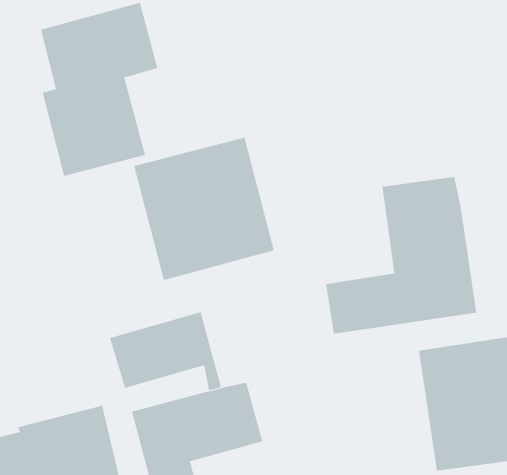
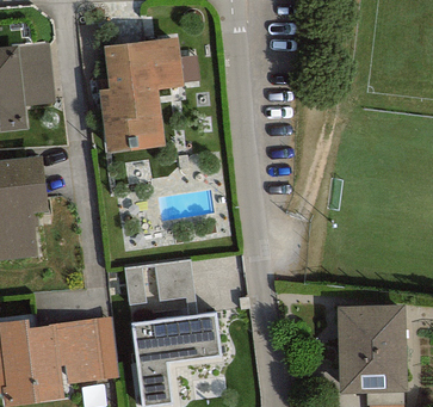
building: [133,137,274,281] -> none
building: [325,176,477,334] -> none

